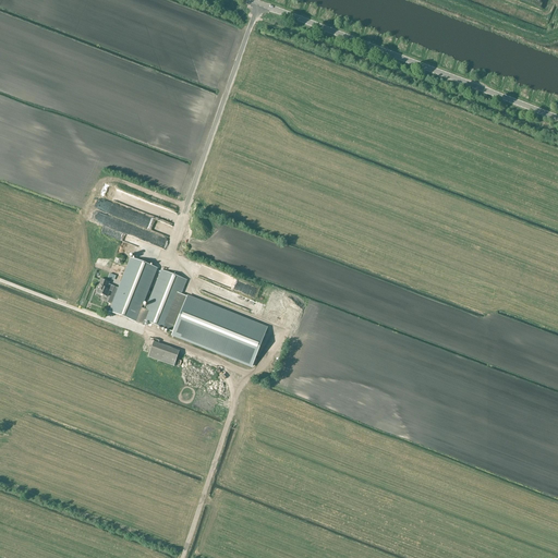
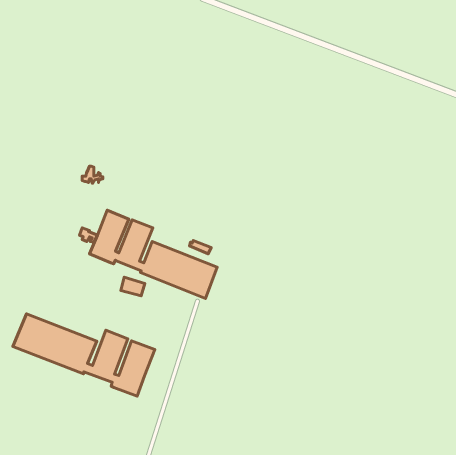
building: none -> [13,314,155,396]

